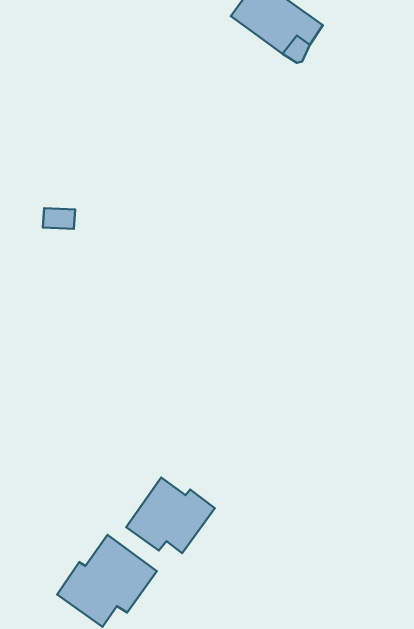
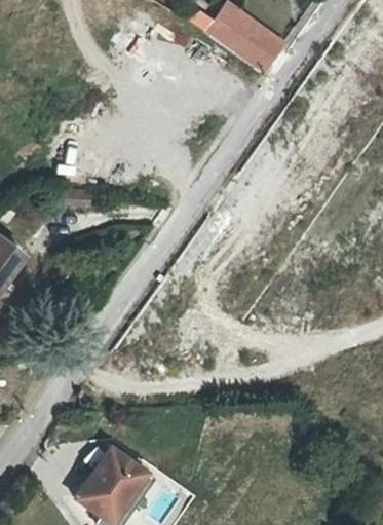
building: [126,478,215,553] -> none

